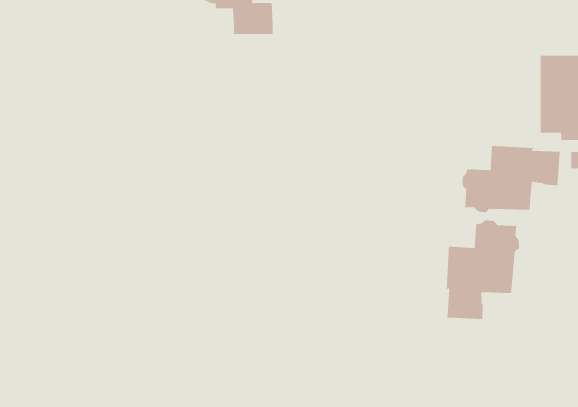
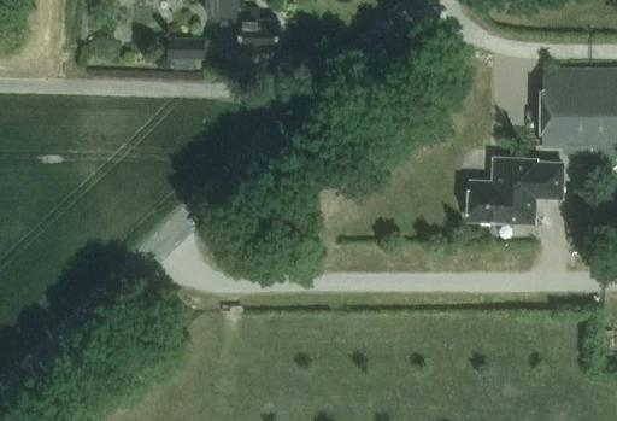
building: none -> [168,37,205,59]
building: [446,219,519,320] -> none

